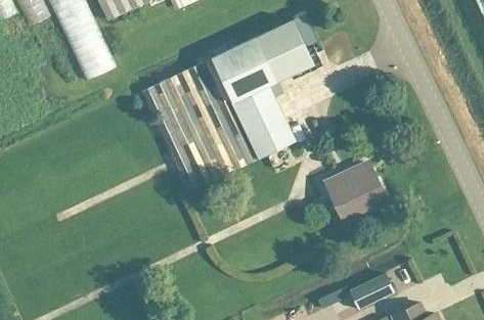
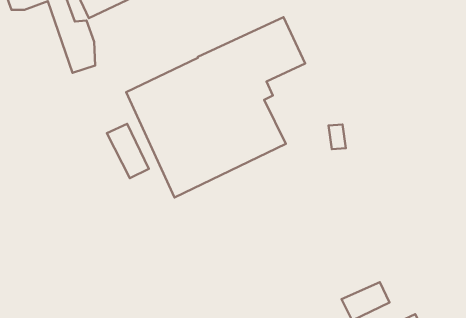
building: none -> [107,124,149,178]
building: [326,164,389,228] -> none

